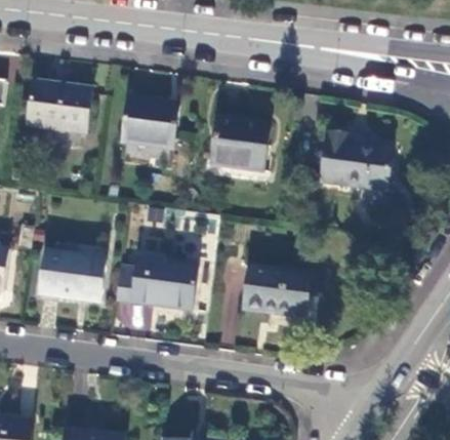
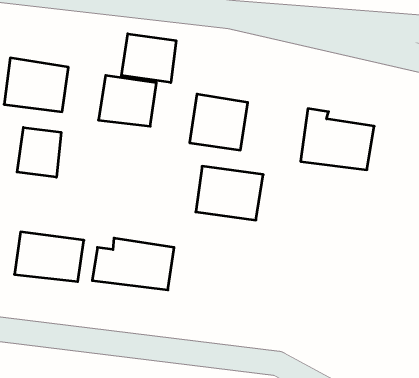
building: none -> [121,34,176,83]
building: none -> [17,127,61,177]
building: [243,266,310,319] -> [196,166,263,220]

